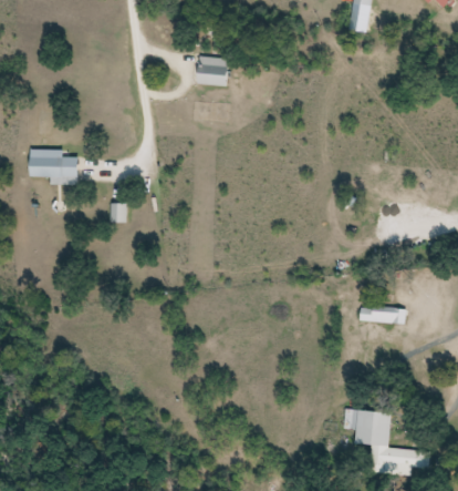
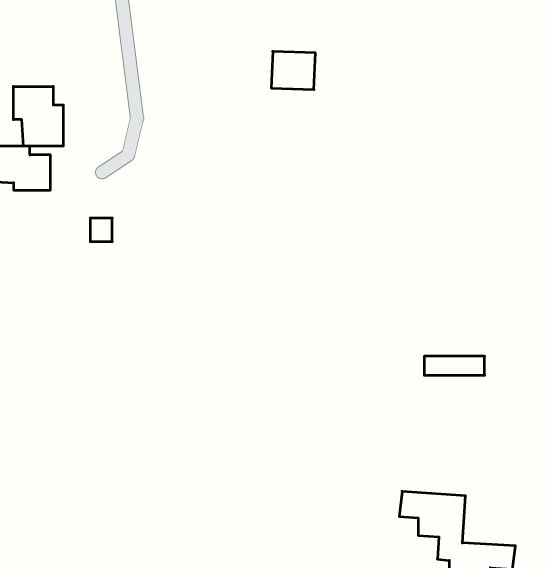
building: [196,57,229,85] -> [271,51,315,90]
building: none -> [13,86,63,146]

